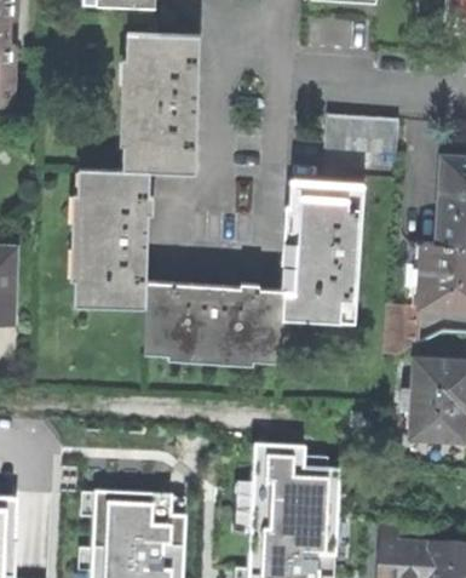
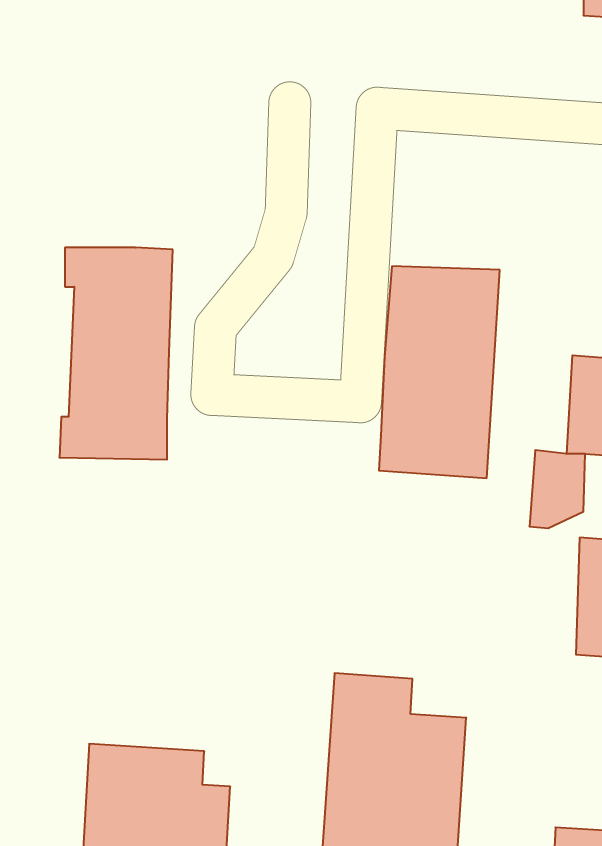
building: [125,34,197,172] -> none
building: [323,115,398,154] -> none
building: [144,281,284,361] -> none

